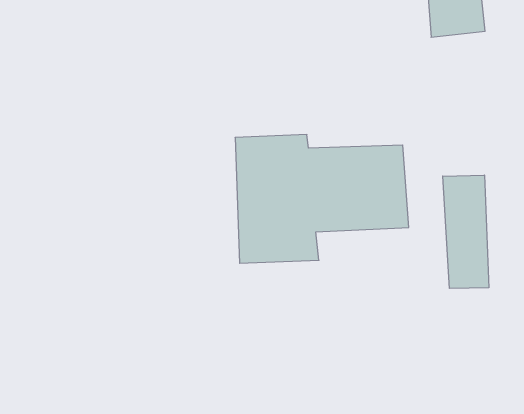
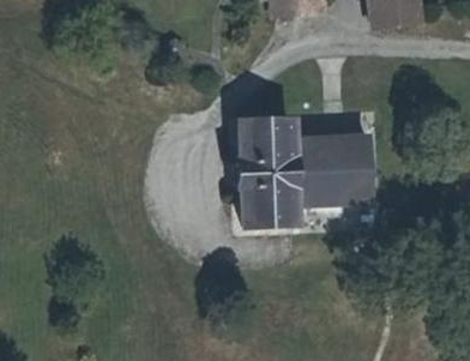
building: [443,175,489,288] -> none

